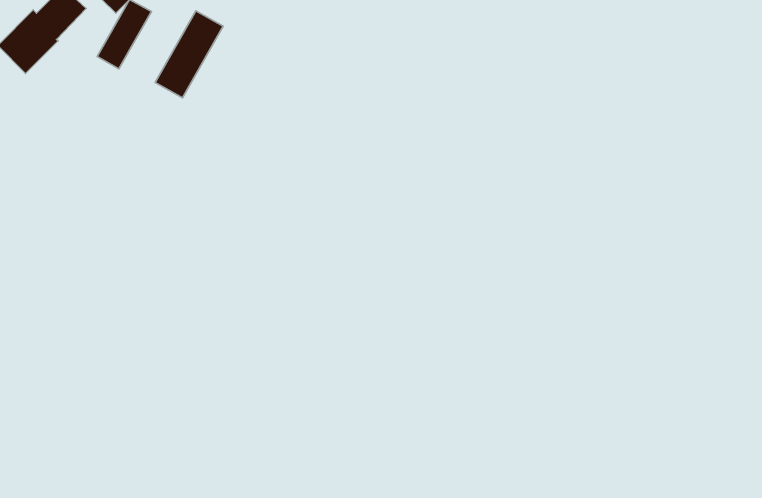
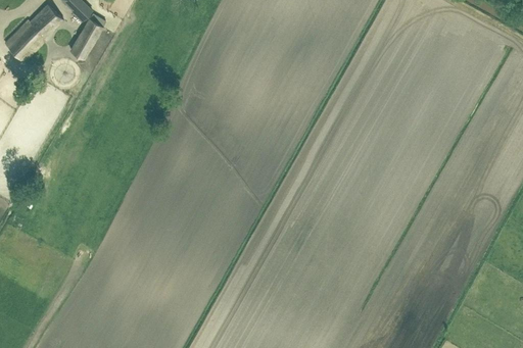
building: [155,11,223,98] -> none

